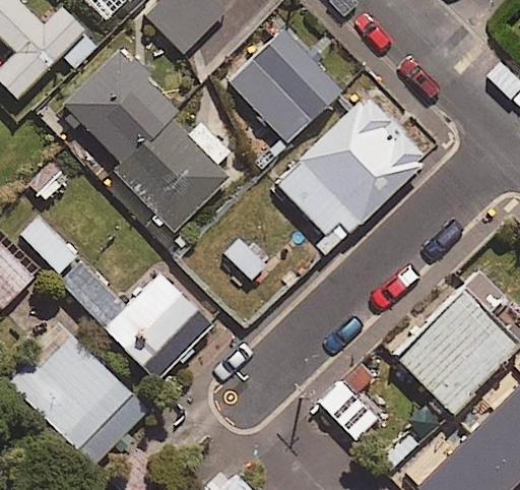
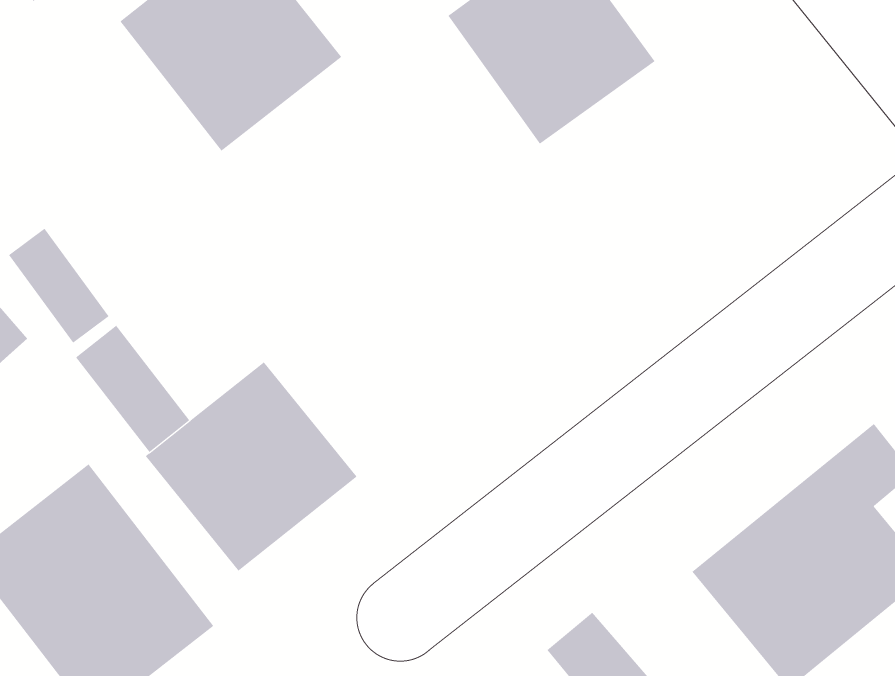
building: [276,96,427,246] -> none
building: [120,123,228,230] -> none

